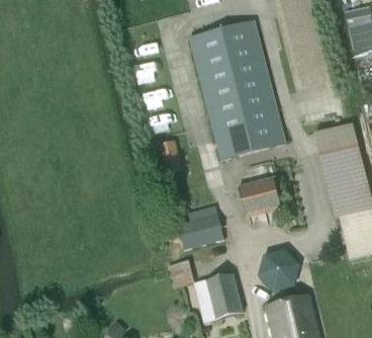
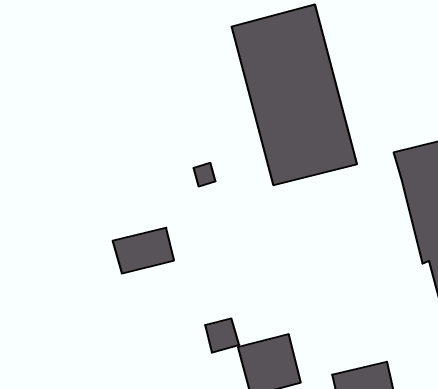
building: [238,177,280,216] -> none
building: [176,214,223,249] -> [113,228,174,273]
building: [259,250,299,290] -> none

